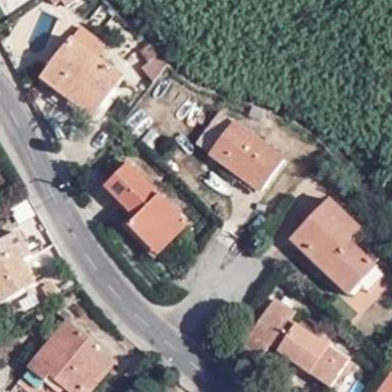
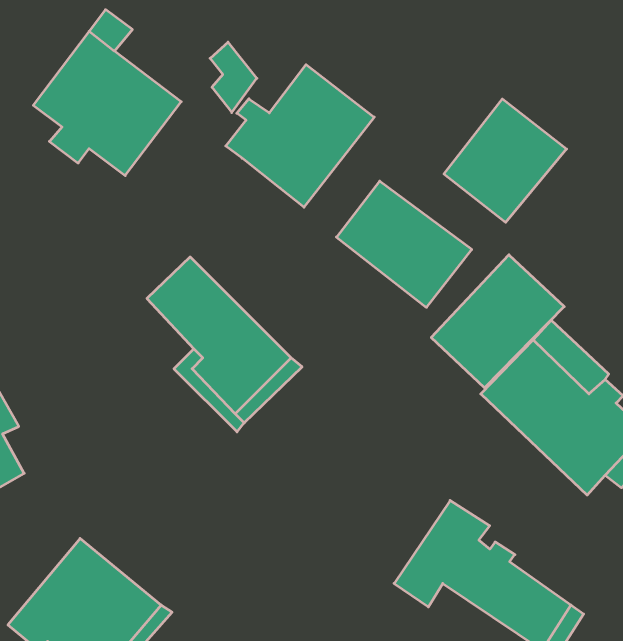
building: none -> [226,65,374,207]
building: none -> [444,99,567,222]
building: none -> [431,255,564,388]

